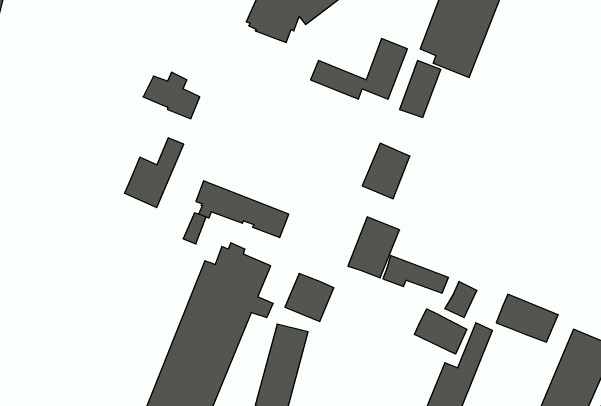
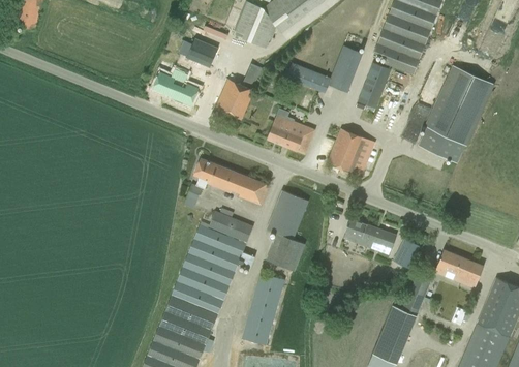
building: none -> [186,38,217,67]
building: none -> [418,65,492,163]
building: none -> [267,108,314,154]
building: [124,138,184,208] -> [215,63,263,119]
building: [348,217,400,278] -> [267,190,308,239]
building: [415,309,467,354] -> none

